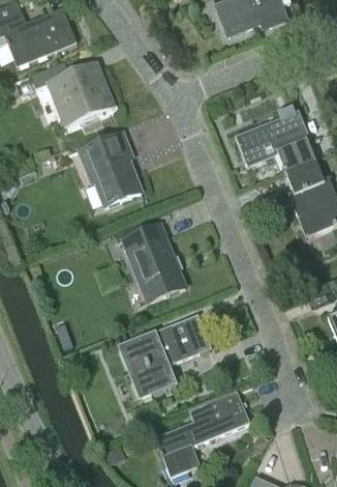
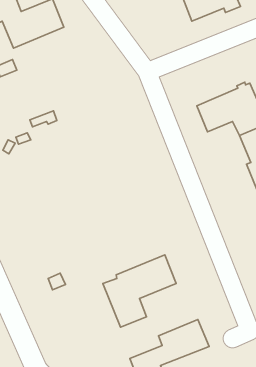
building: [30,62,112,125] -> none
building: [78,130,142,205] -> none
building: [122,222,184,299] -> none

